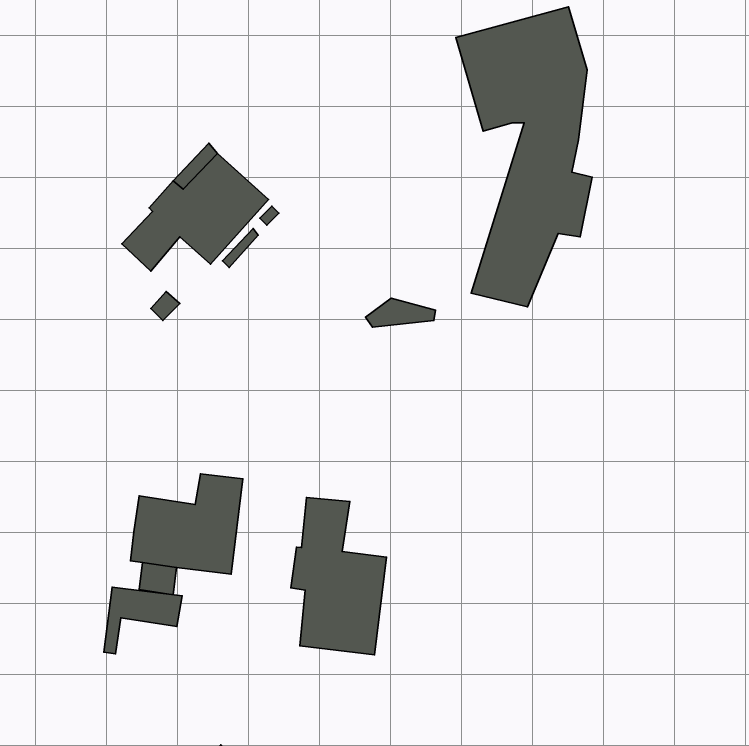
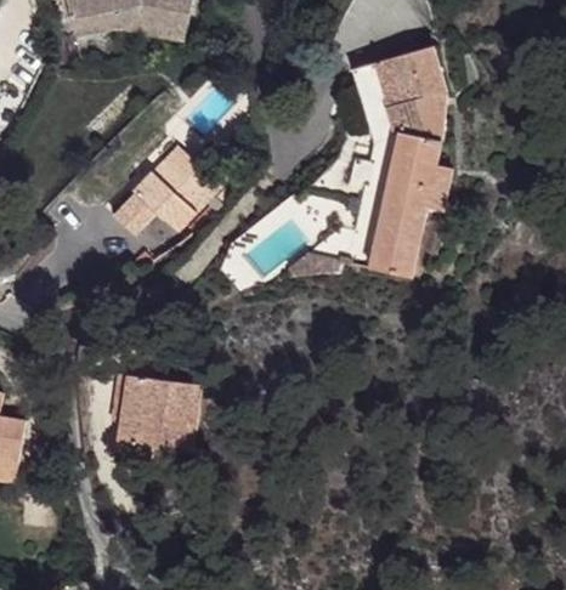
building: [291,497,387,655] -> none
building: [104,587,182,654] -> [115,374,171,421]

